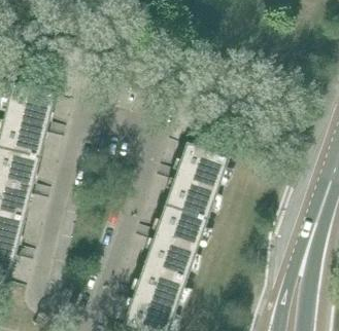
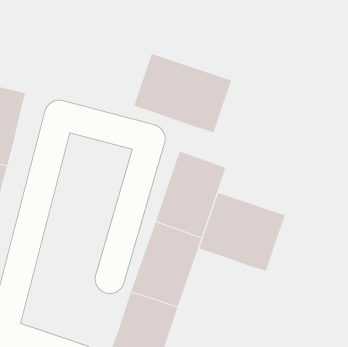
building: none -> [133,53,232,133]
building: none -> [198,192,286,272]

